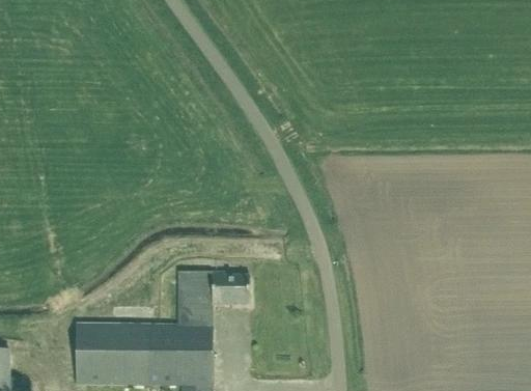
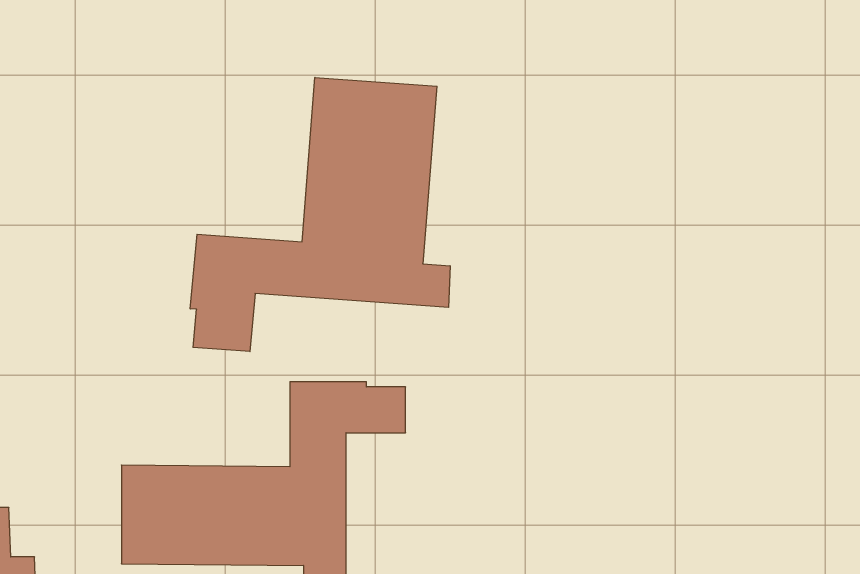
building: none -> [190,77,450,352]

